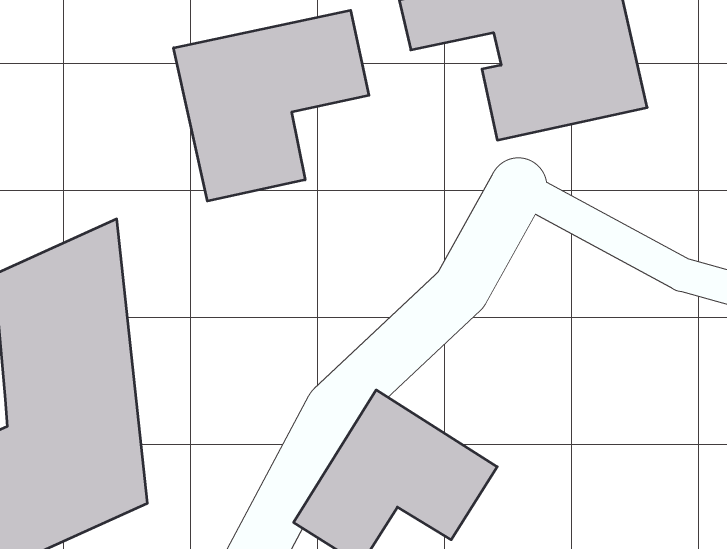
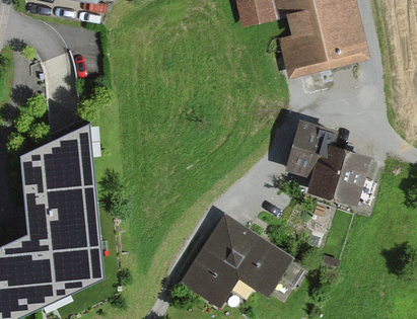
building: [174,10,369,201] -> none
building: none -> [285,118,370,202]

